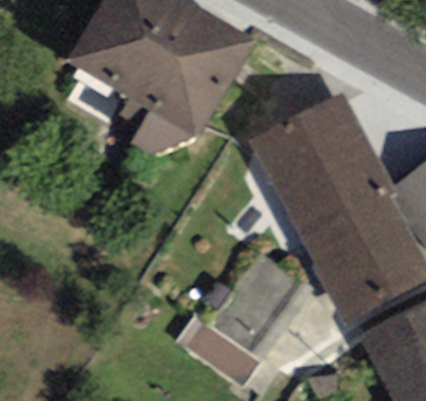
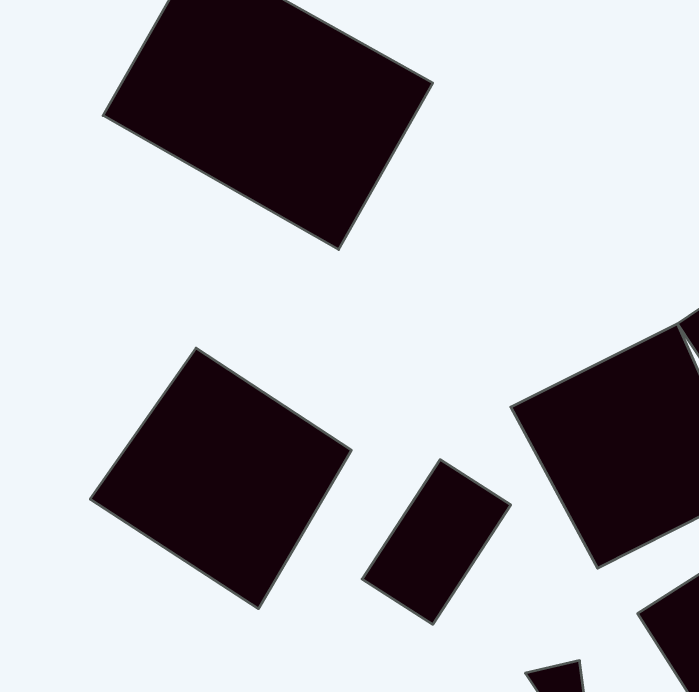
building: [249,90,389,231] -> none
building: none -> [90,348,351,609]

